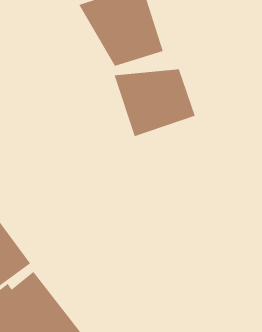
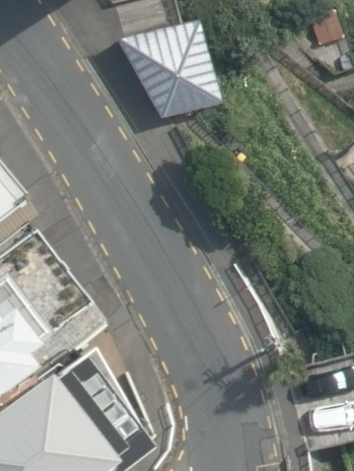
building: [114,69,196,137] -> none

